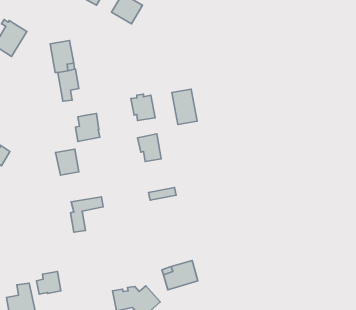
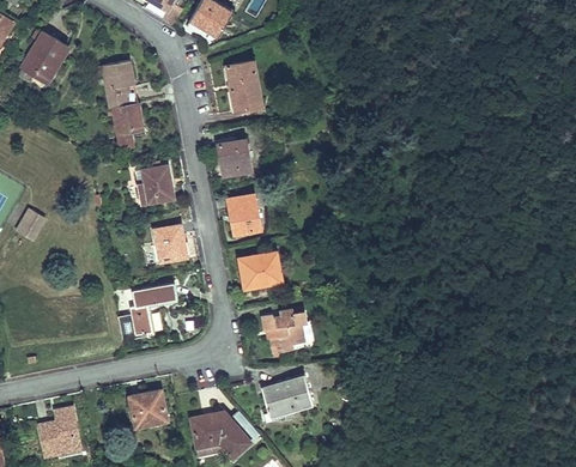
building: [172,89,197,124] -> [226,61,262,111]
building: [55,149,79,175] -> [153,225,187,262]
building: none -> [240,251,279,278]
building: none -> [262,308,307,351]
building: [36,272,61,294] -> [132,393,166,425]

